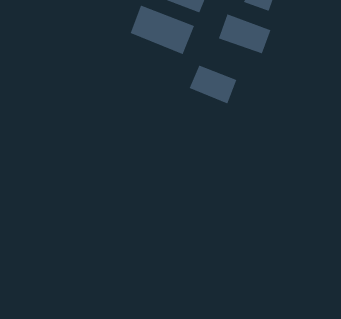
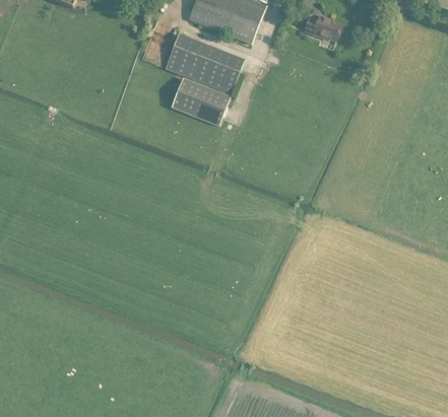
building: [218,14,271,54] -> none
building: [189,65,237,104] -> [170,77,229,125]

